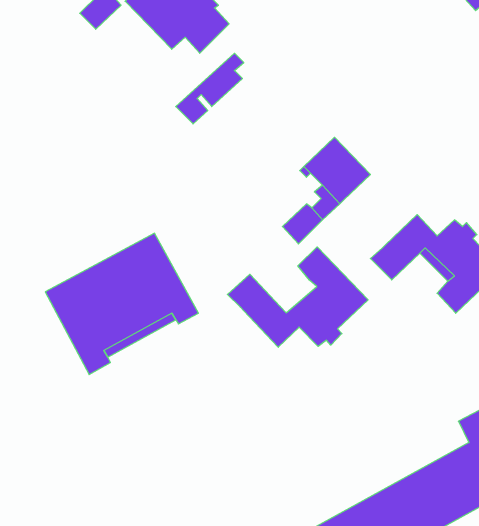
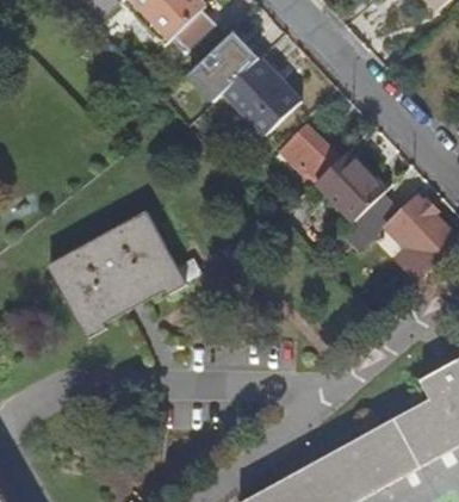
building: none -> [222,58,298,136]
building: none -> [315,151,384,222]
building: [227,247,368,347] -> none

